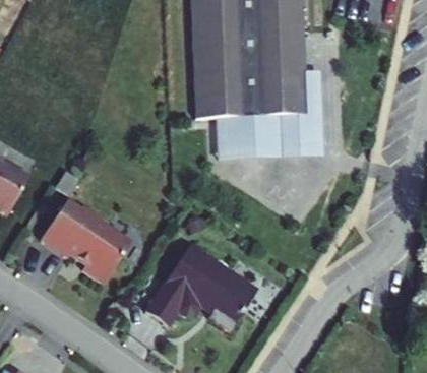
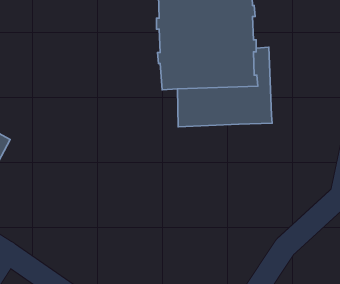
building: [41,198,127,281] -> none
building: [145,244,256,329] -> none

